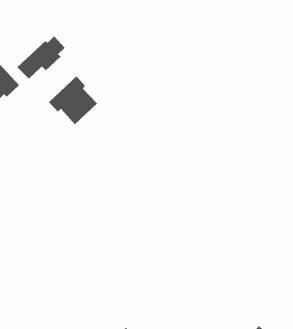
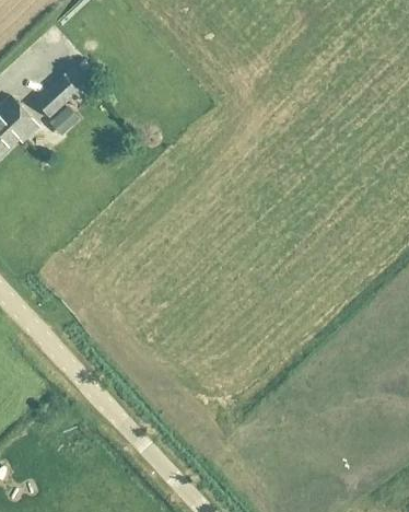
building: [48,76,98,125] -> none

